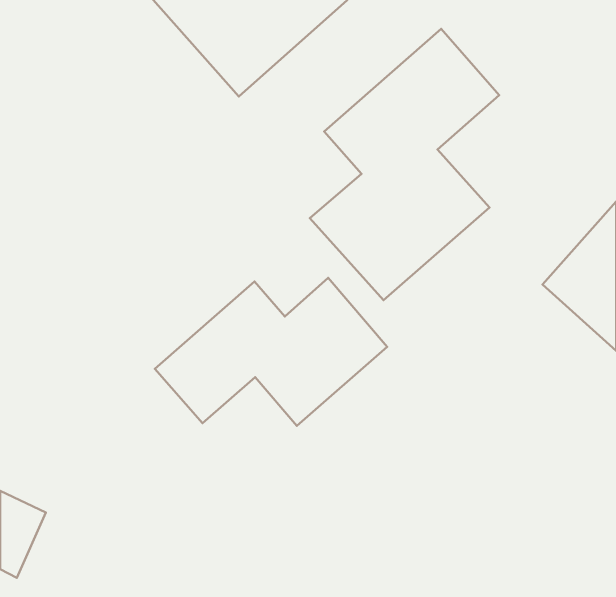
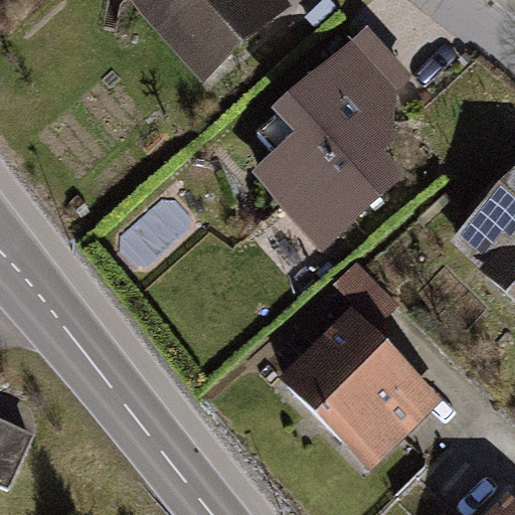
building: [155,278,387,426] -> none
building: none -> [277,304,447,472]

